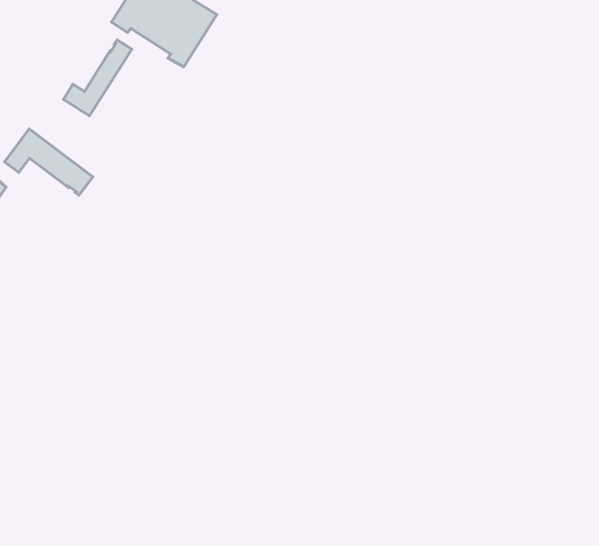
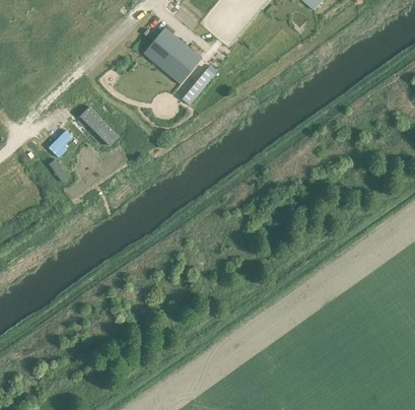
building: [63,40,132,116] -> none

